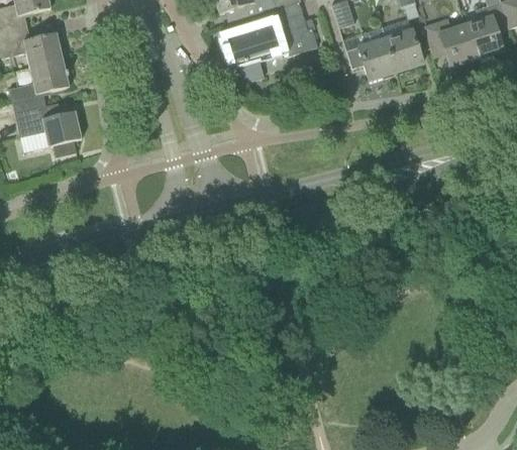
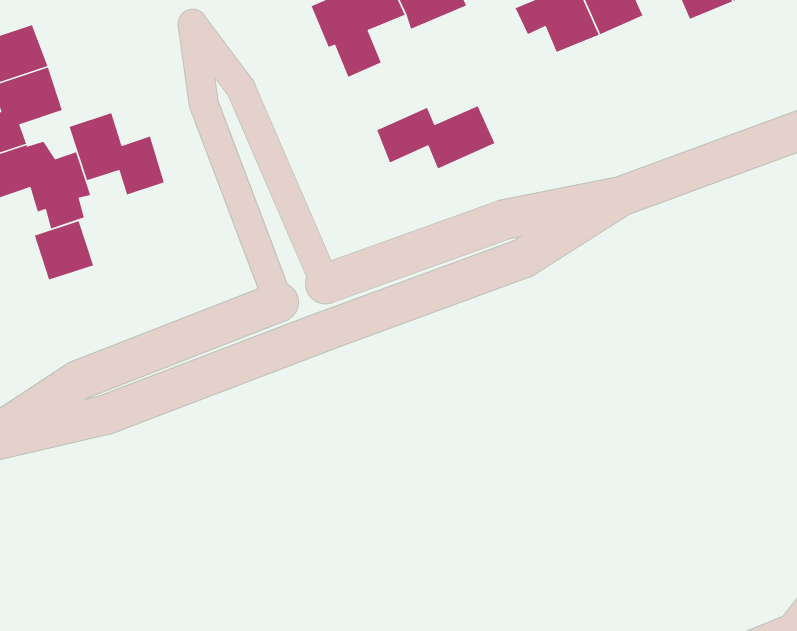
building: none -> [69,112,165,195]
building: none -> [376,105,496,169]
building: none -> [34,220,94,281]

